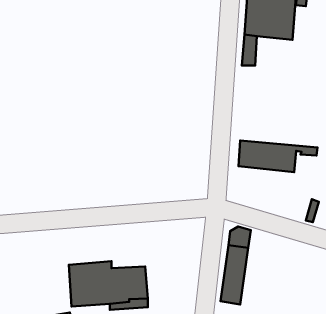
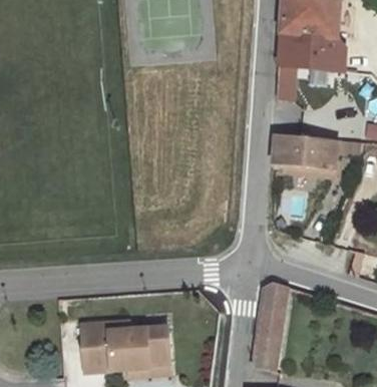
building: [238,140,317,172] -> [271,134,360,170]

